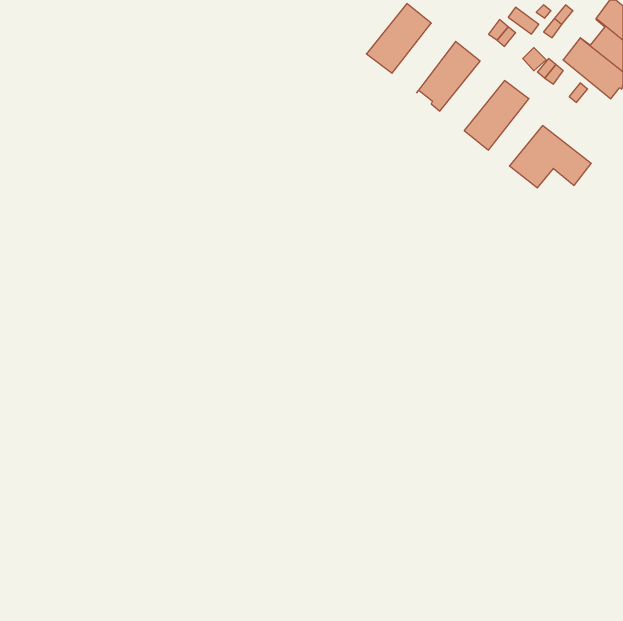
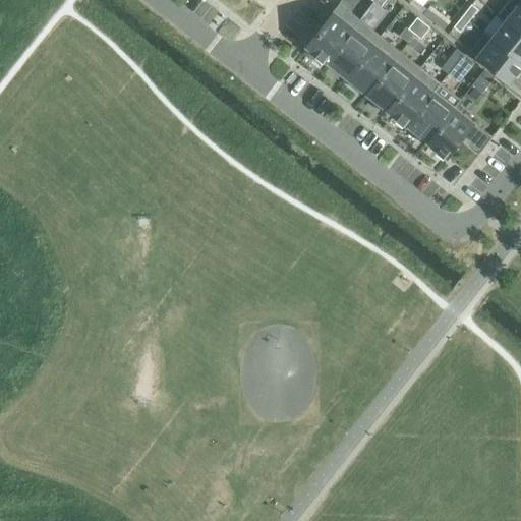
building: none -> [327,21,380,79]
building: none -> [366,53,420,111]
building: none -> [407,84,452,141]

